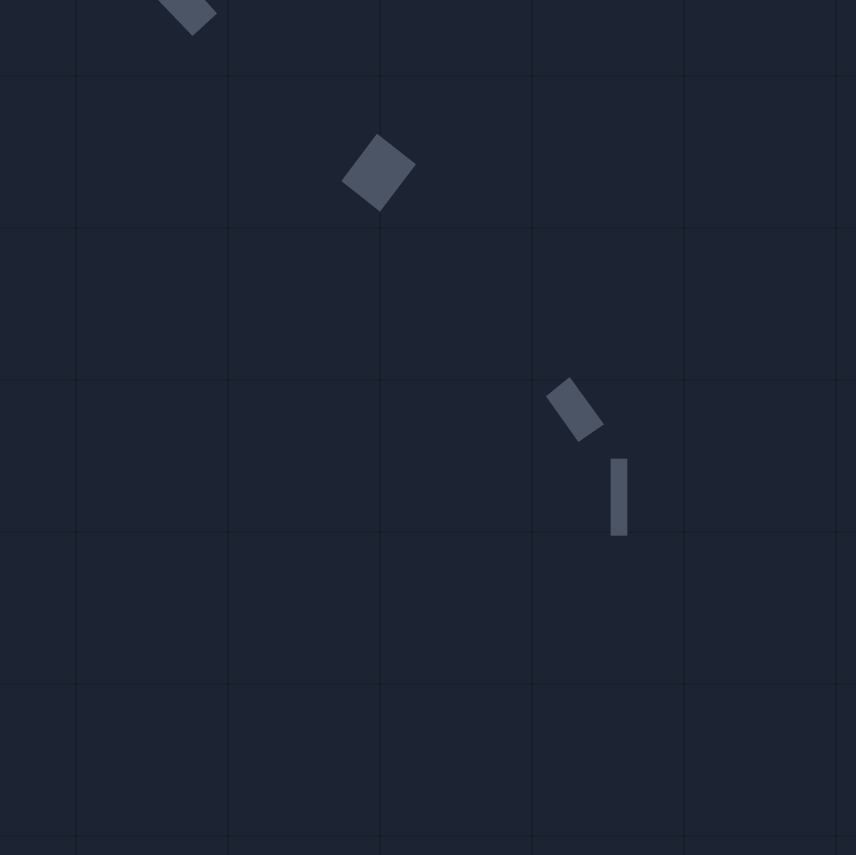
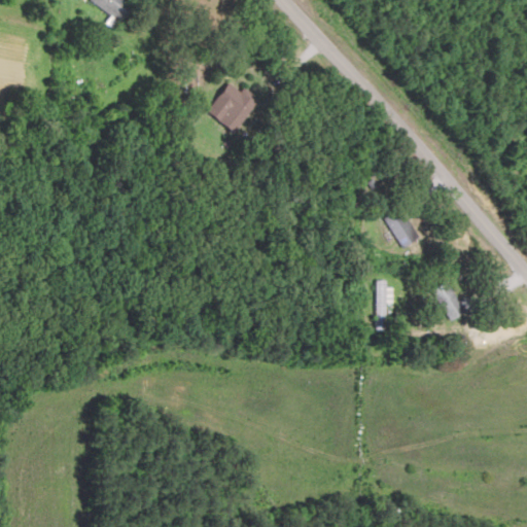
building: [545,376,605,443] -> [383,207,420,248]
building: none -> [431,281,465,320]

